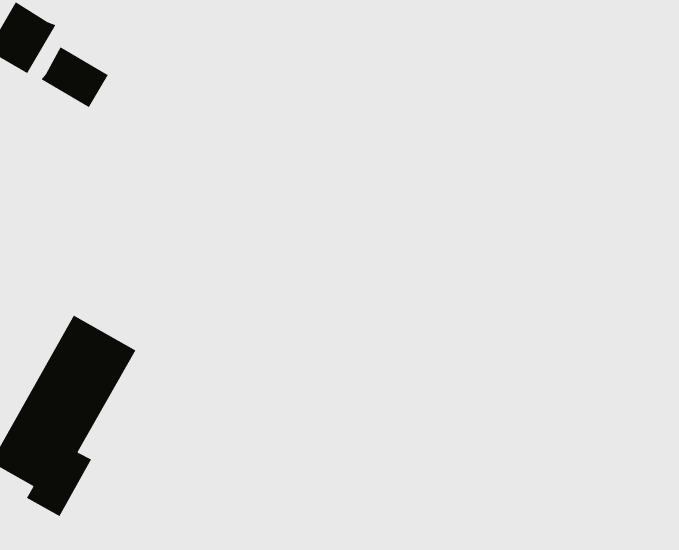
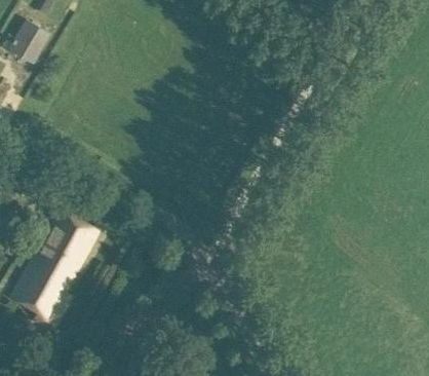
building: [40,46,109,108] -> none

